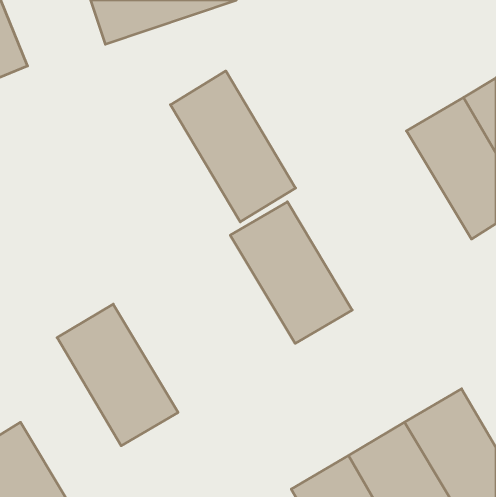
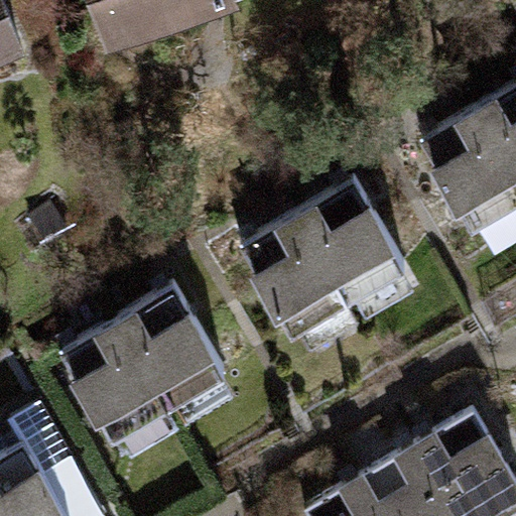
building: [170,71,296,222] -> none
building: none -> [294,178,418,324]
building: none -> [116,283,240,428]

